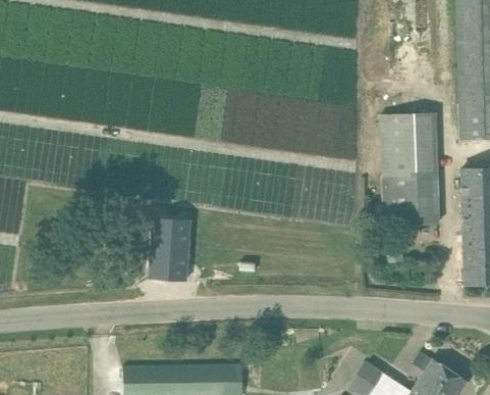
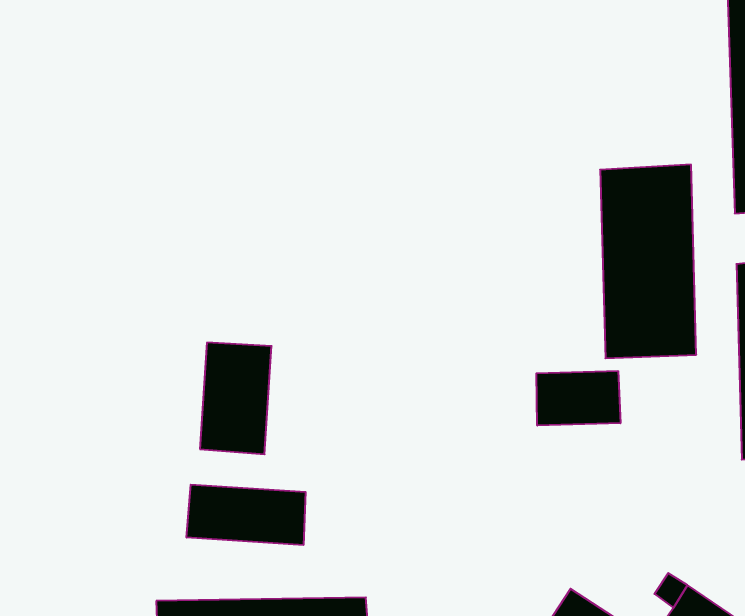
building: none -> [536,371,620,426]
building: none -> [187,485,306,545]

